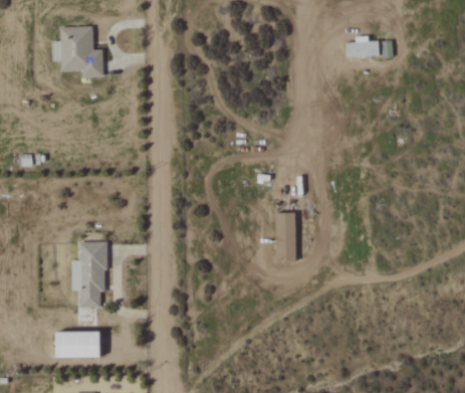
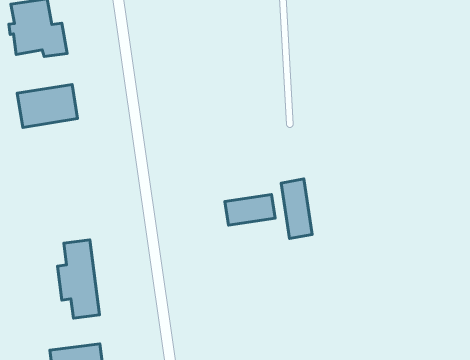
building: none -> [17,84,78,127]
building: none -> [225,195,275,225]

